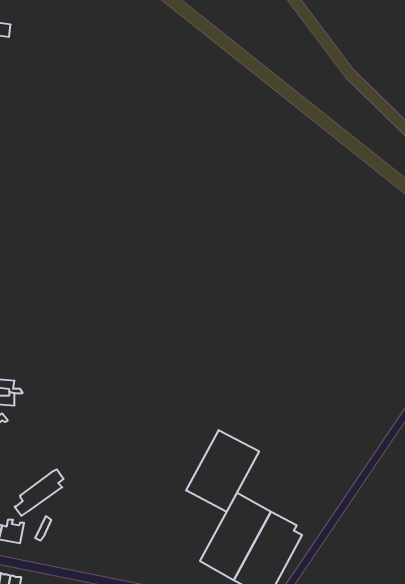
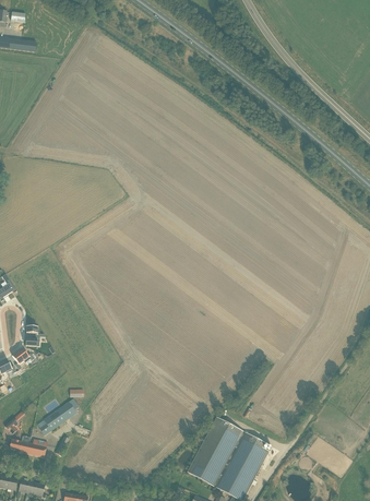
building: [186,430,259,512] -> none

